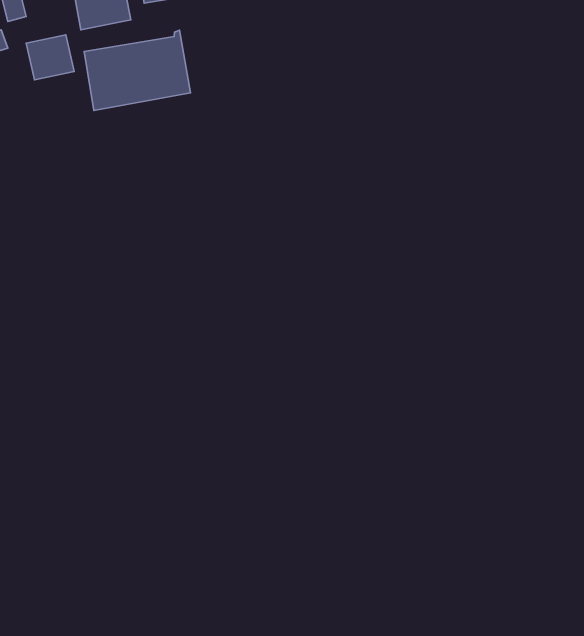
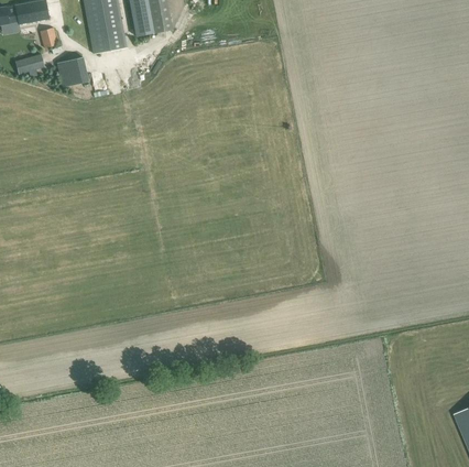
building: [84,30,191,111] -> none

